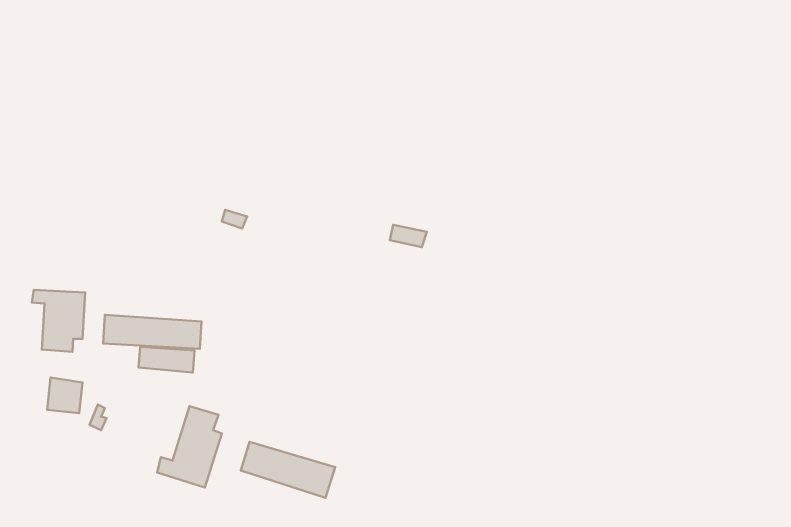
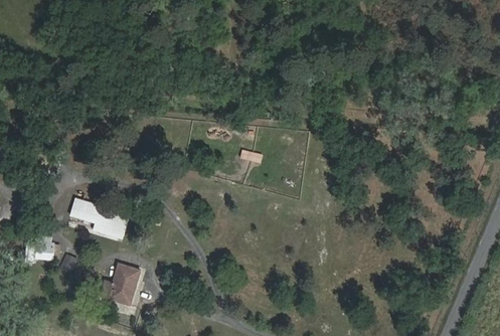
building: [32,290,85,352] -> none
building: [241,442,335,498] -> none

